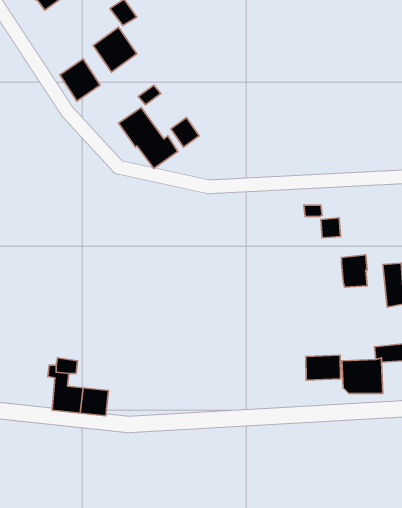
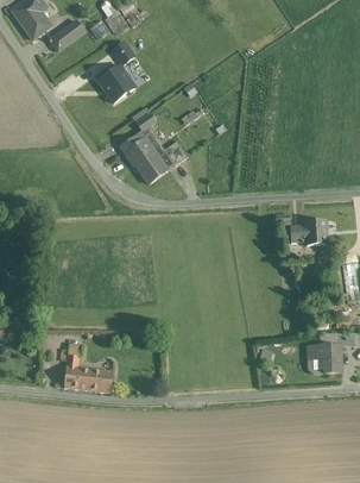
building: [60,59,100,101] -> none
building: [342,255,367,287] -> [305,218,327,245]
building: [306,355,340,380] -> none

